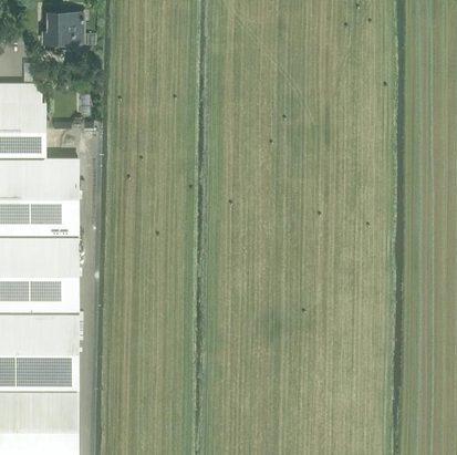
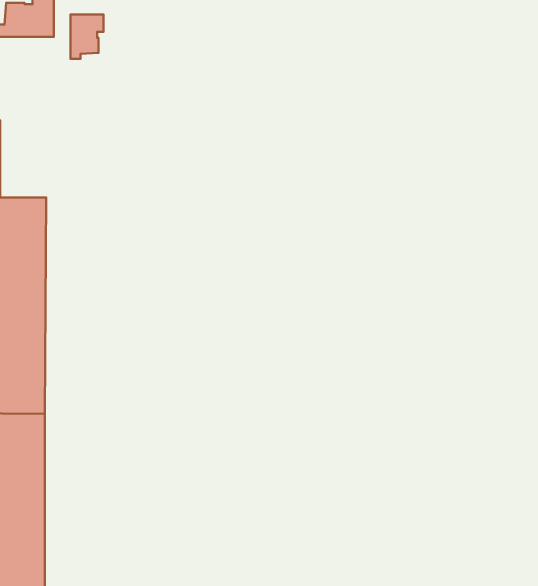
building: none -> [70,15,104,59]

